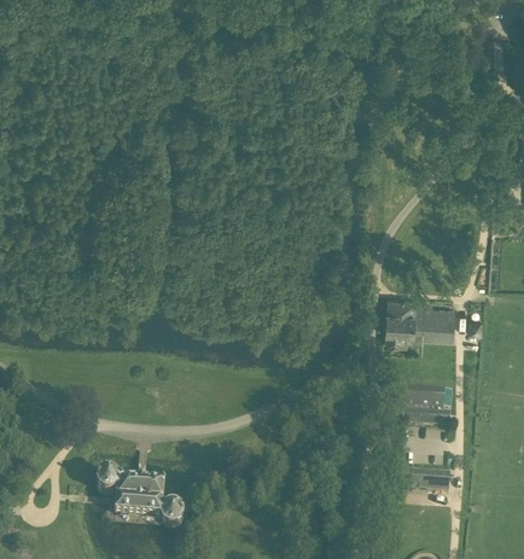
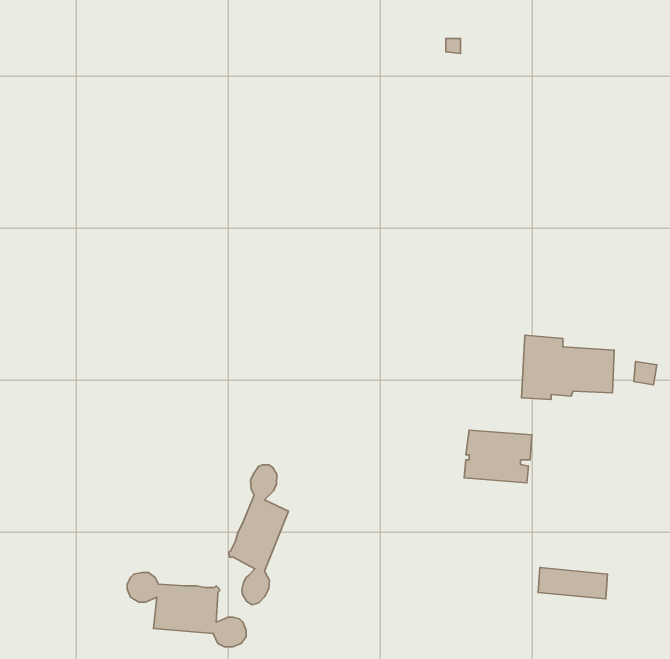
building: [403,384,453,423] -> [464,430,532,483]
building: none -> [229,465,289,605]

